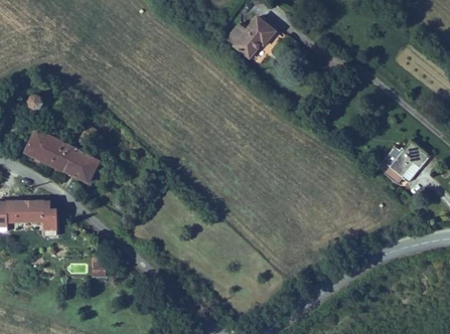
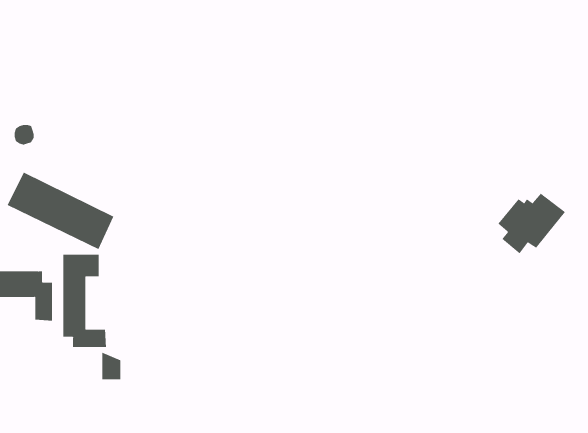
building: [223,16,276,60] -> none
building: none -> [63,254,107,348]

